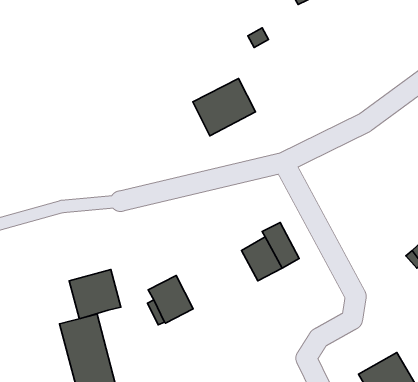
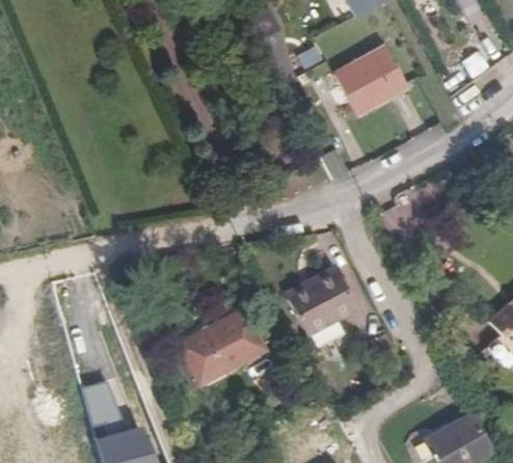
building: [193,79,256,136] -> [335,47,408,113]
building: none -> [215,307,268,366]
building: [69,270,121,318] -> none

